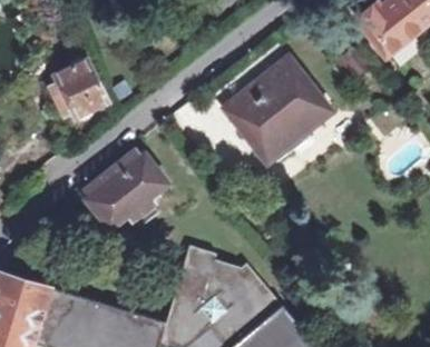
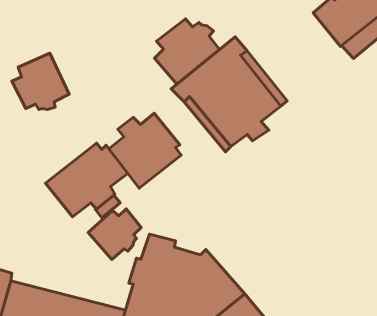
building: none -> [155,19,220,84]
building: none -> [109,113,181,188]
building: none -> [88,209,141,259]

